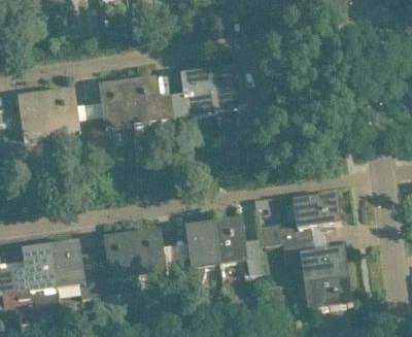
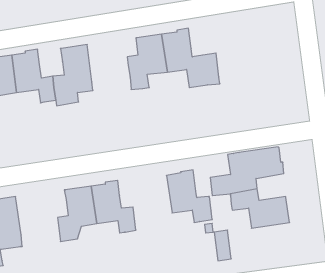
building: [128,73,175,131] -> none
building: [177,221,219,279] -> none
building: [50,237,99,294] -> none
building: [305,271,351,306] -> none

